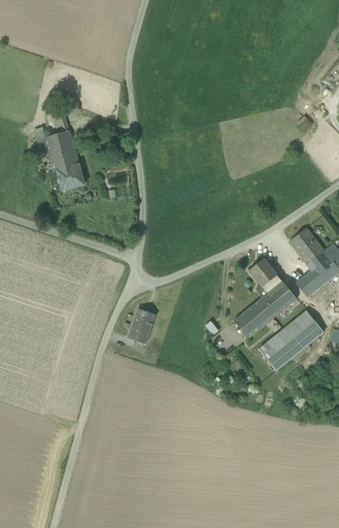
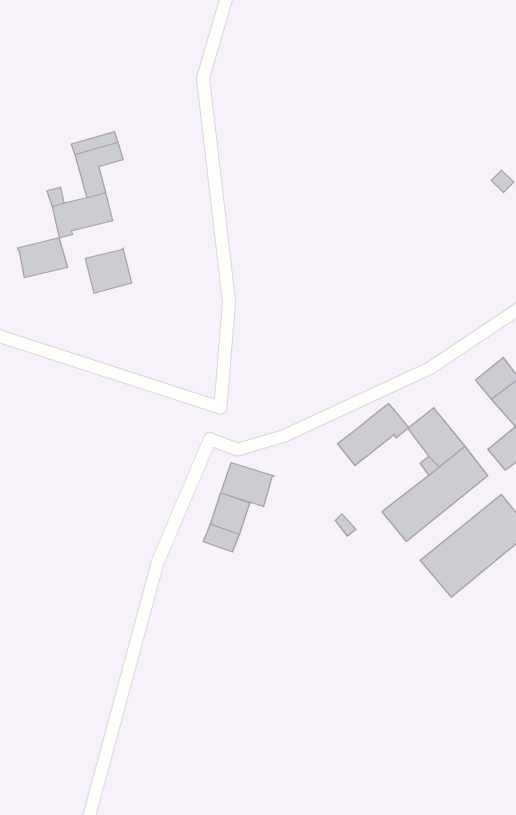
building: [48,146,78,170] -> [17,238,68,278]
building: none -> [338,404,409,466]
building: none -> [221,462,274,507]

